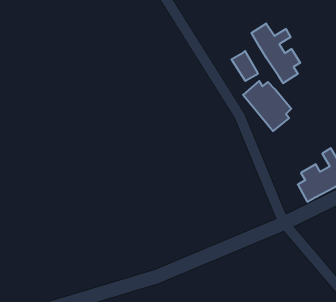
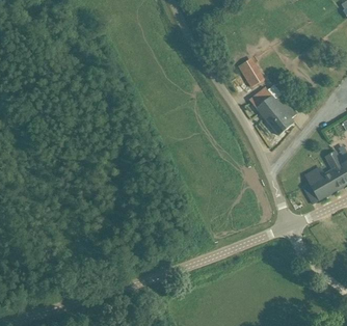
building: [251,23,300,83] -> none

